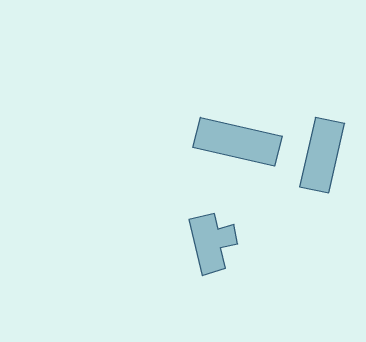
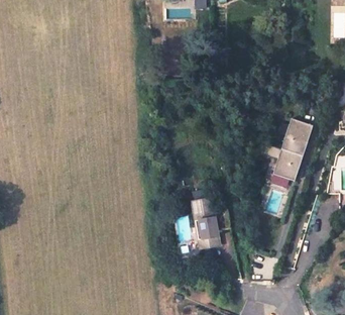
building: [193,117,282,166] -> none

